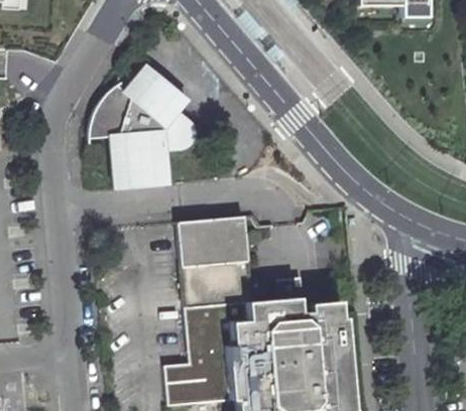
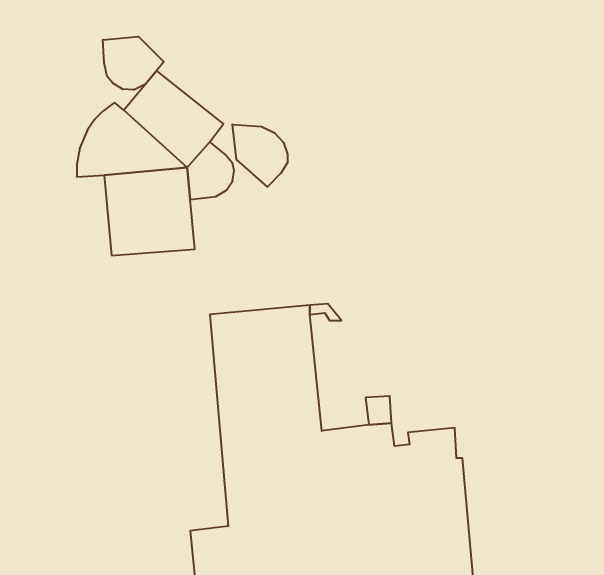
building: none -> [103,37,164,90]
building: none -> [232,124,288,187]

